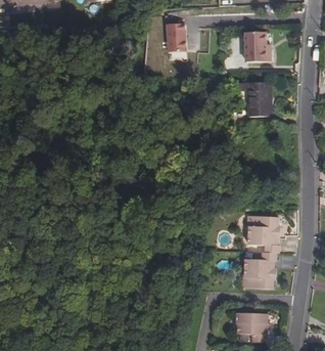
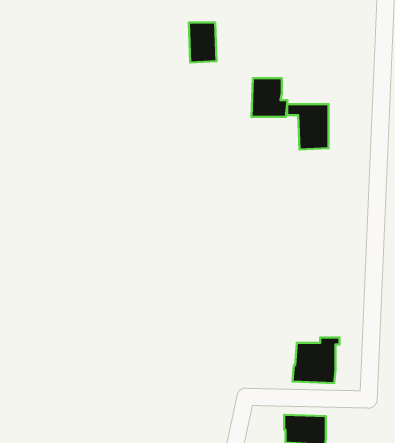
building: [244,32,271,60] -> [251,78,287,117]
building: [248,215,281,255] -> none

